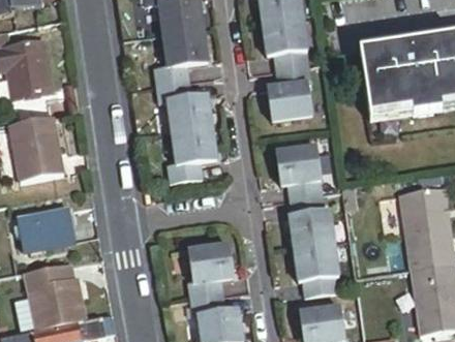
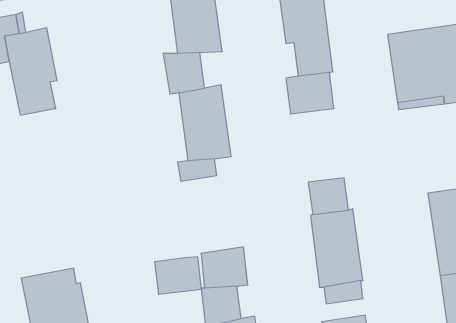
building: [8,116,63,181] -> none
building: [276,145,321,185] -> none
building: [19,207,74,246] -> none
building: none -> [155,257,201,295]

